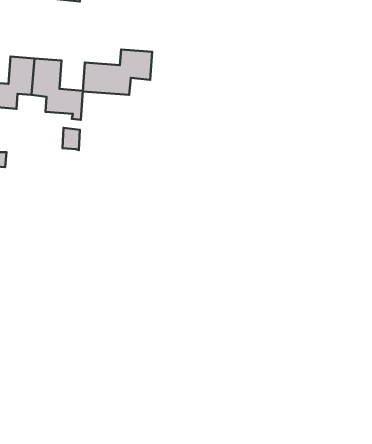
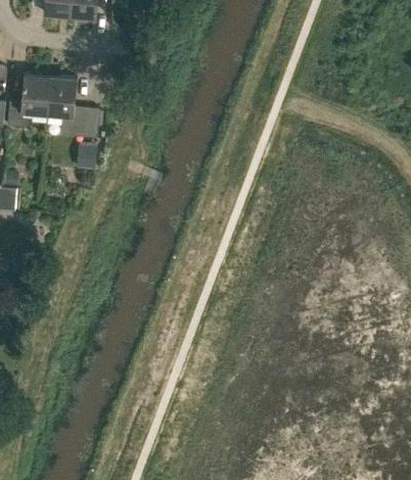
building: [83,50,152,95] -> none

